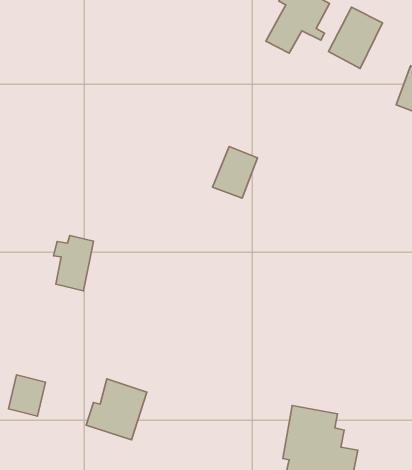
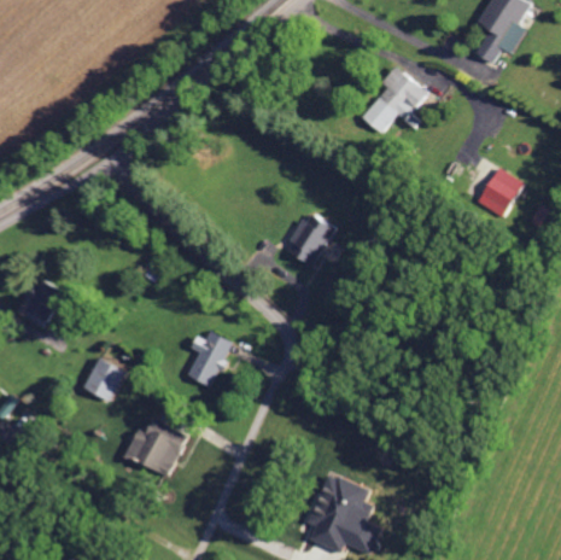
building: [328,7,382,68] -> none
building: [53,235,94,291] -> [187,332,230,387]
building: [9,375,45,416] -> [82,358,122,402]

